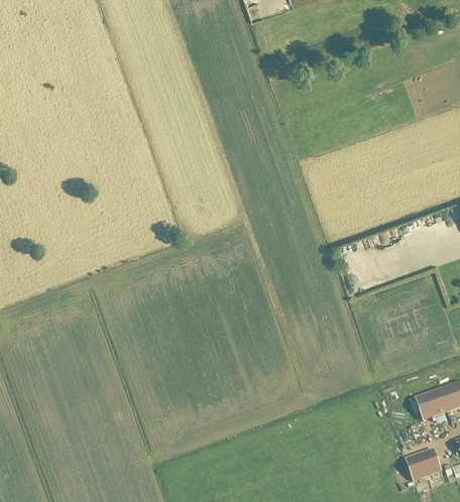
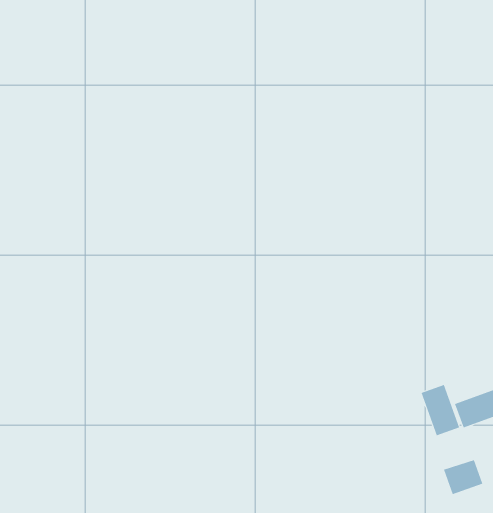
building: none -> [421,384,460,436]

